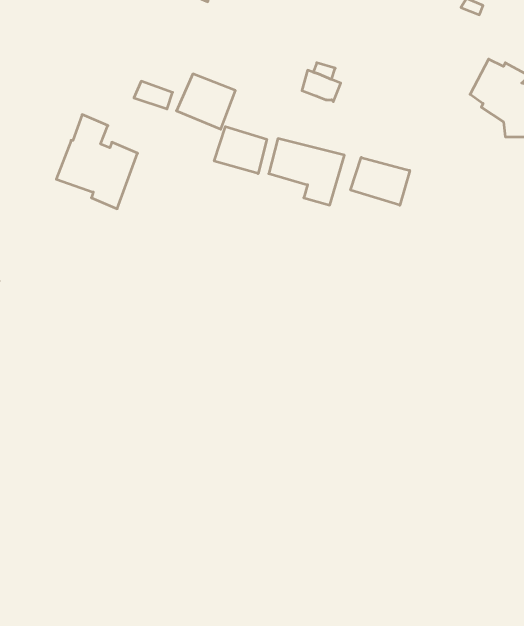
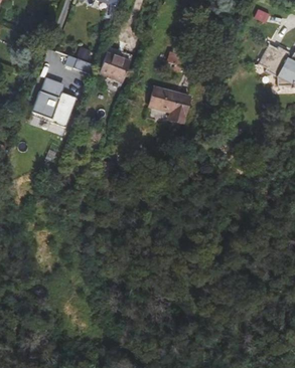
building: [214,127,267,174] -> none
building: [351,157,410,205] -> none

